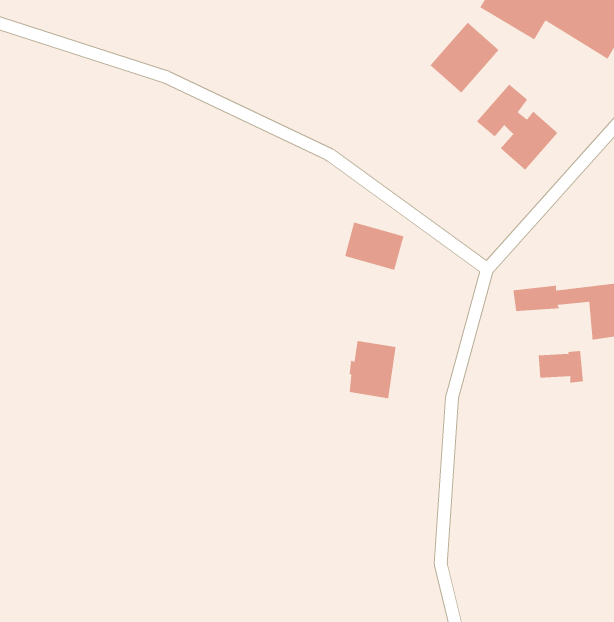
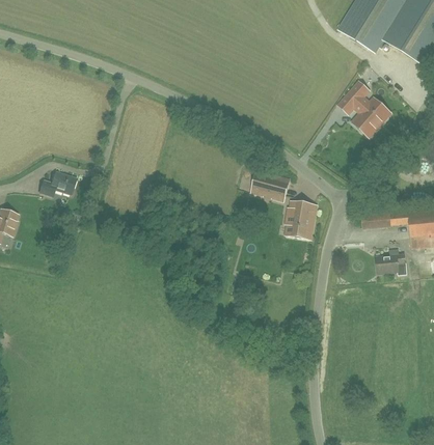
building: [430,22,500,94] -> none
building: none -> [39,171,76,196]
building: [349,340,397,399] -> [286,200,317,239]

